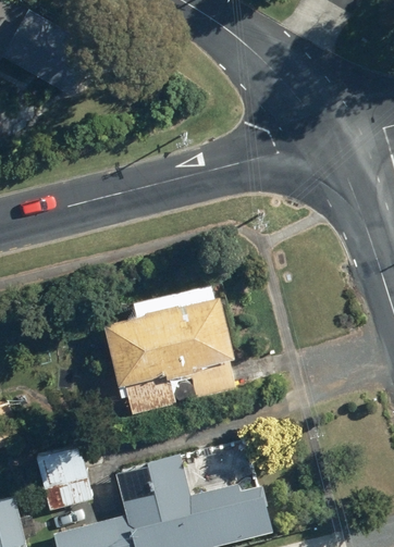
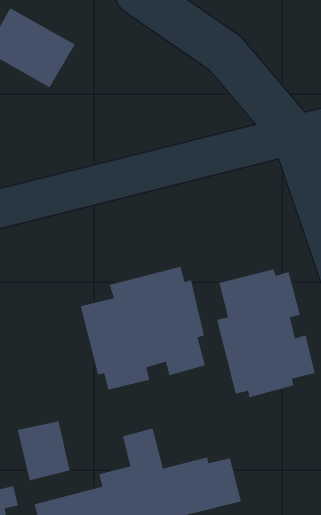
building: none -> [216,268,315,398]

